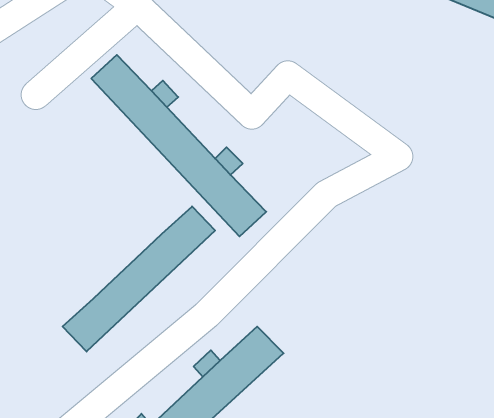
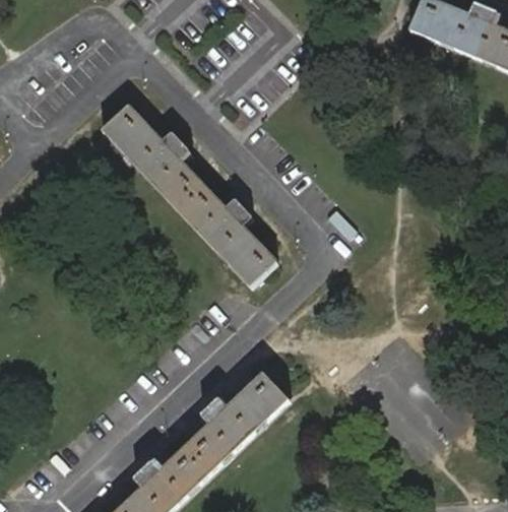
building: [63,206,215,352] -> none

